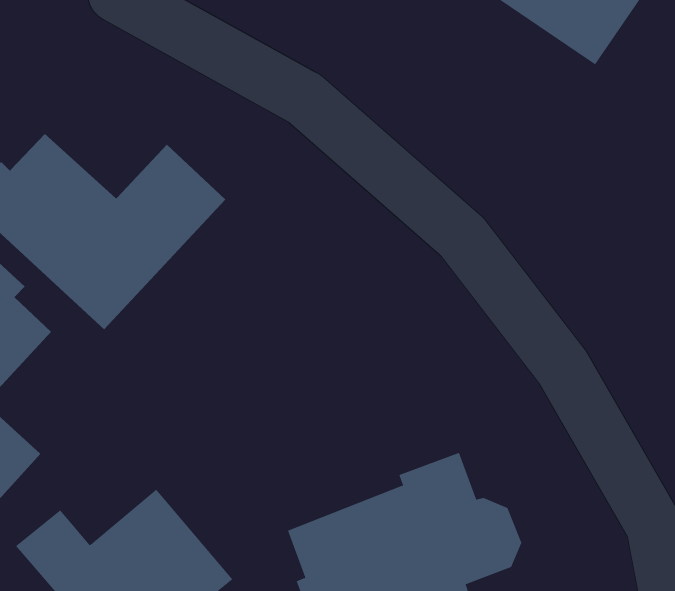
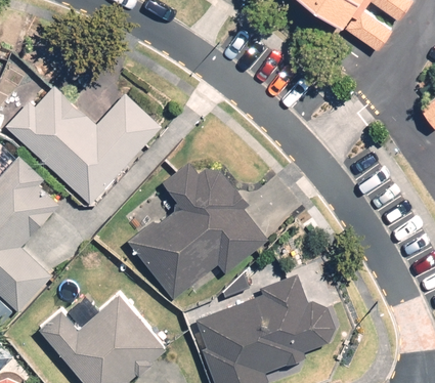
building: none -> [128,165,265,300]

